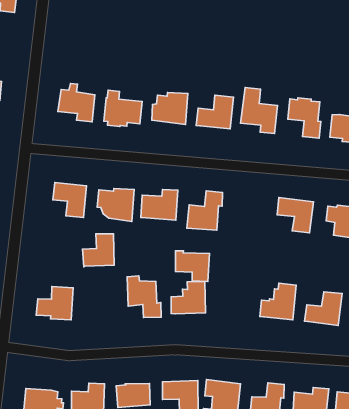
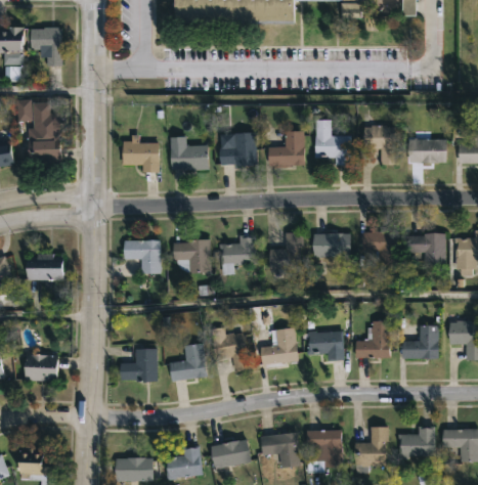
building: none -> [312,232,349,257]
building: [83,234,114,267] -> [171,343,206,381]
building: [176,251,210,282] -> [306,330,343,361]

